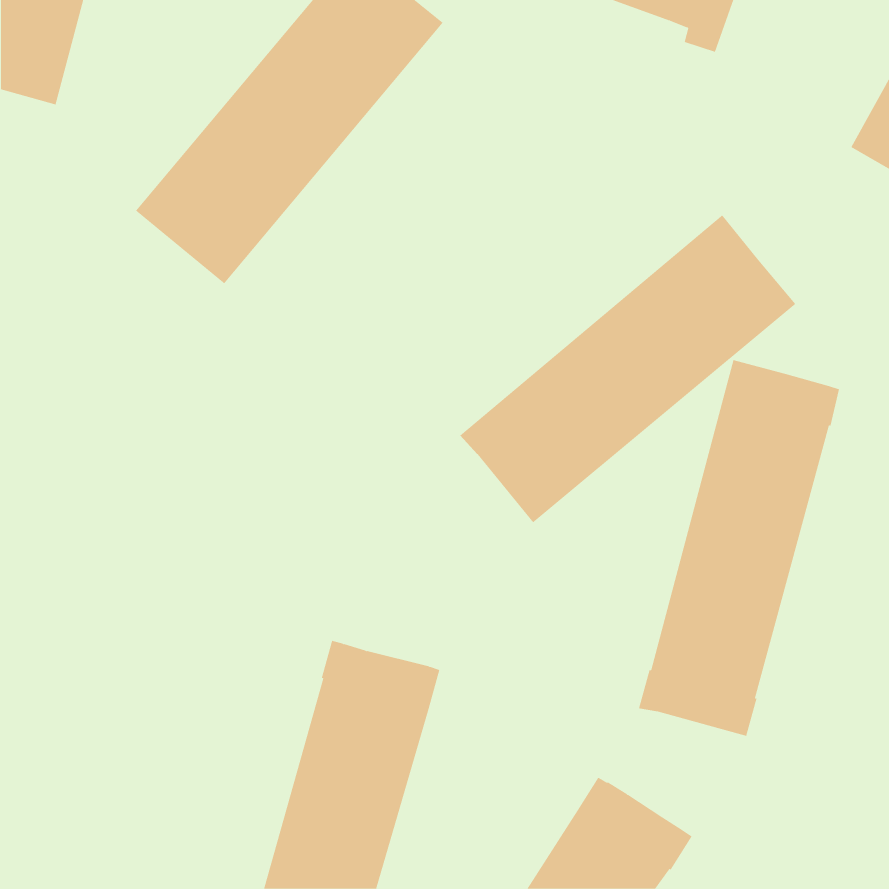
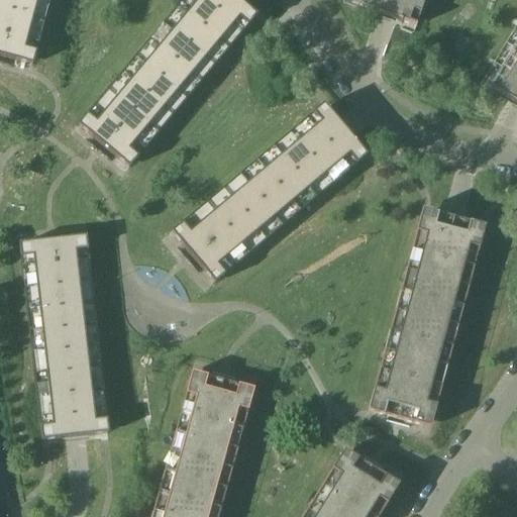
building: [459,214,796,523] -> [176,102,370,280]
building: none -> [23,234,111,437]

